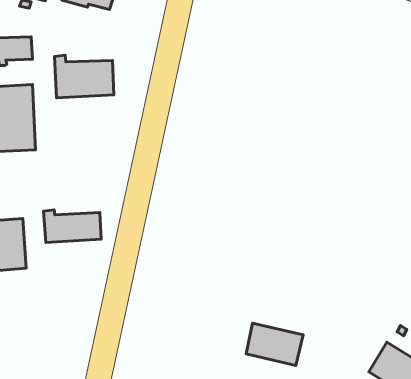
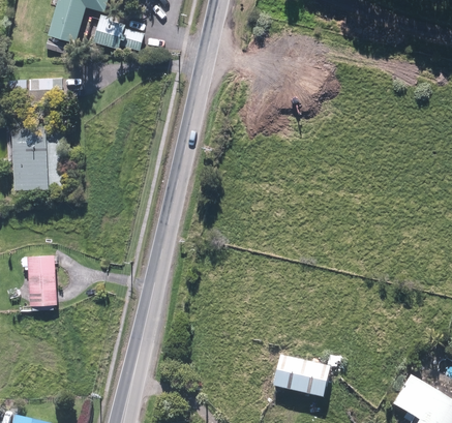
building: [54,55,114,98] -> none
building: [44,210,101,243] -> none

